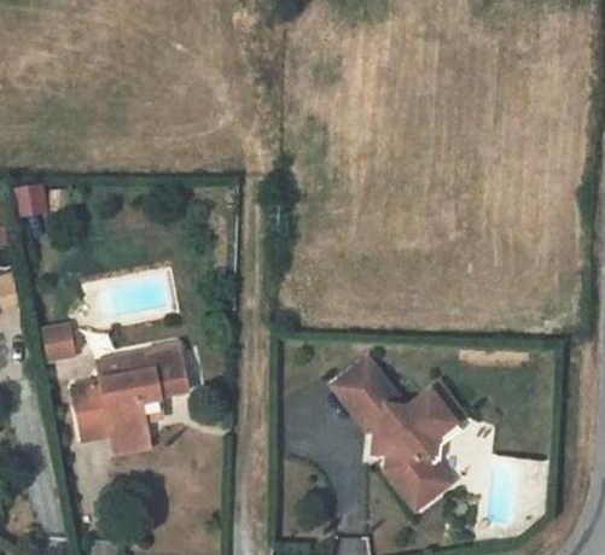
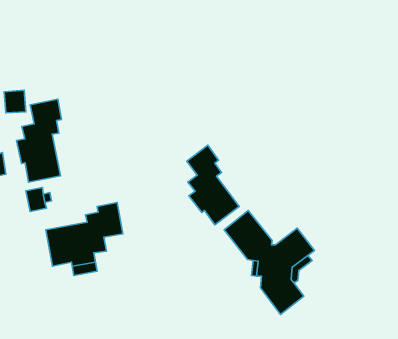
building: none -> [17,99,62,182]
building: none -> [187,145,239,225]

